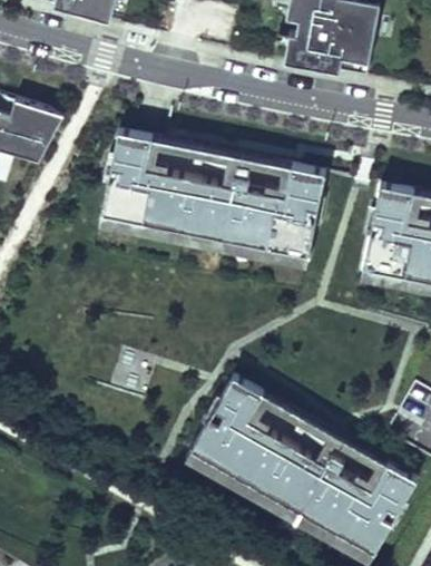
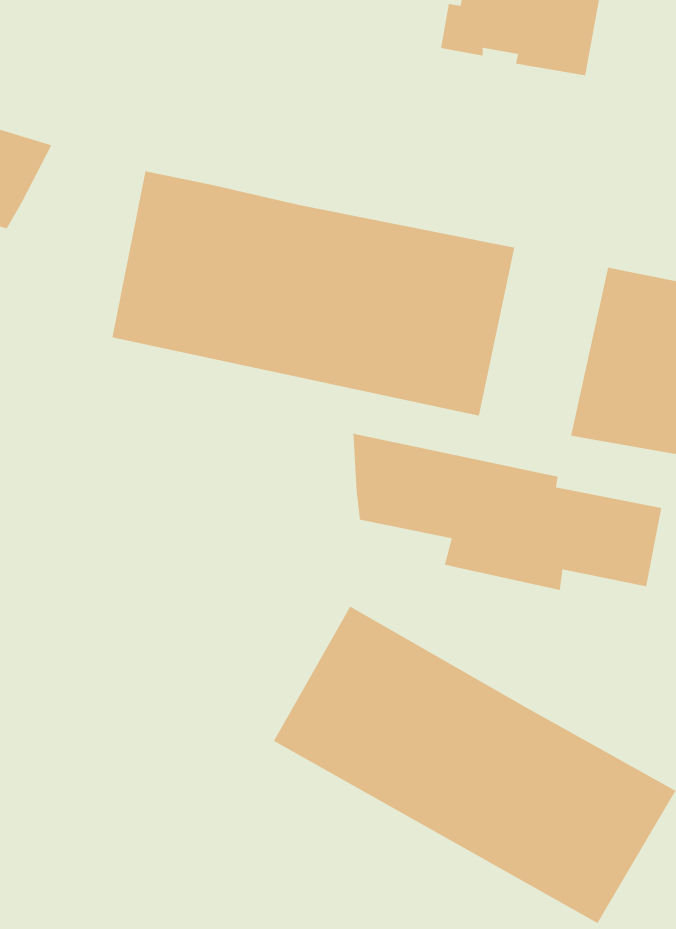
building: none -> [353,433,662,591]

